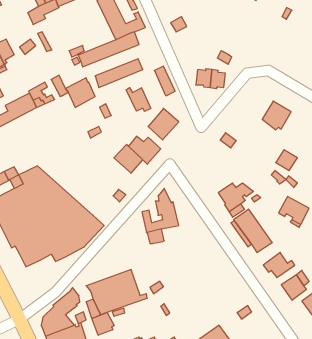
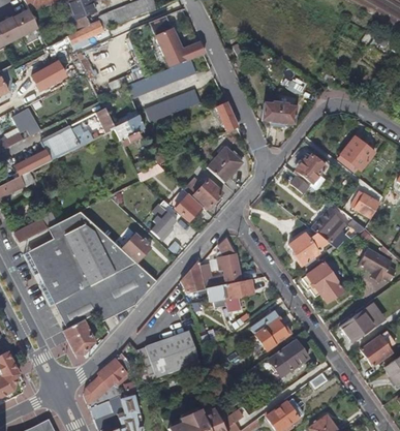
building: [126,88,151,111] -> none
building: none -> [297,154,326,182]
building: none -> [151,199,180,240]
building: none -> [312,209,351,241]
building: none -> [123,233,151,261]
building: none -> [180,259,206,294]
building: none -> [223,279,254,298]
building: none -> [250,308,290,349]
building: none -> [63,320,98,357]
building: none -> [269,339,308,376]
building: [92,312,114,335] -> none

